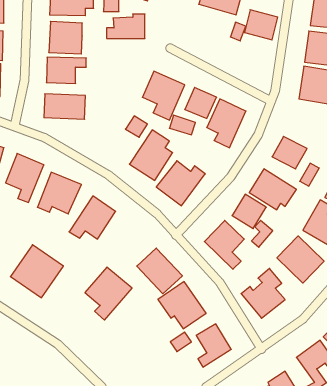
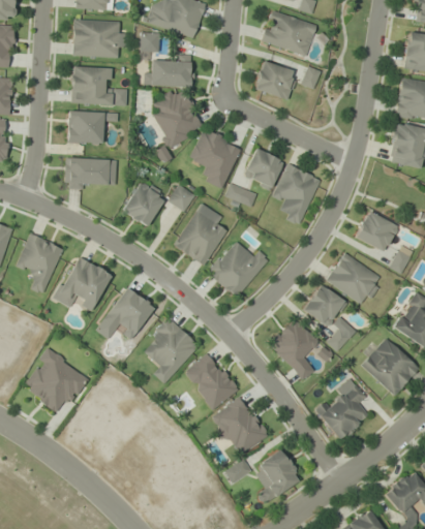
building: [244,10,278,40] -> [254,61,297,99]
building: none -> [152,88,204,162]
building: none -> [122,181,168,227]
building: [85,267,132,320] -> [141,318,201,385]

